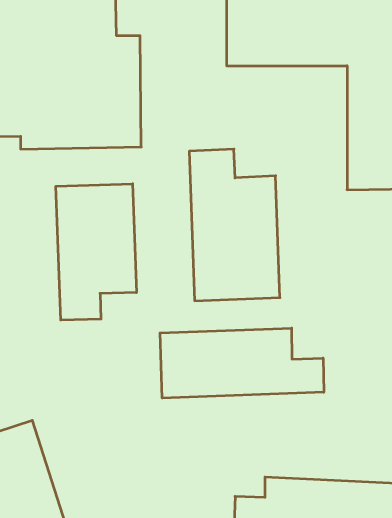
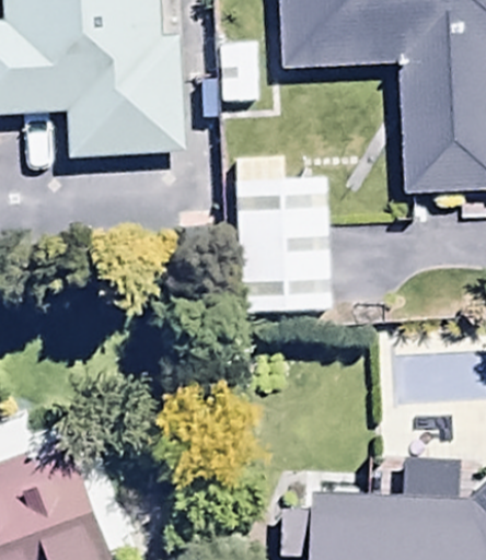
building: [56,184,136,320] -> none
building: [160,328,324,398] -> none

